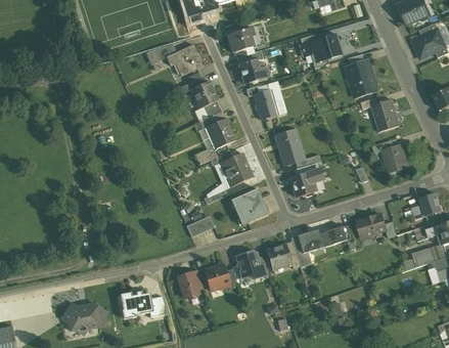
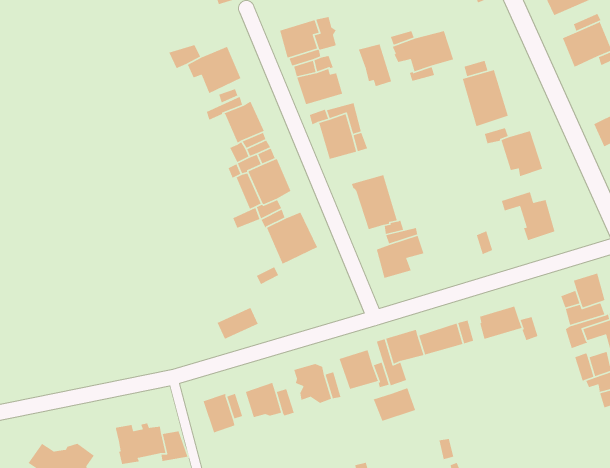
building: none -> [358,43,392,87]
building: [231,188,268,224] -> none
building: none -> [372,387,416,422]

